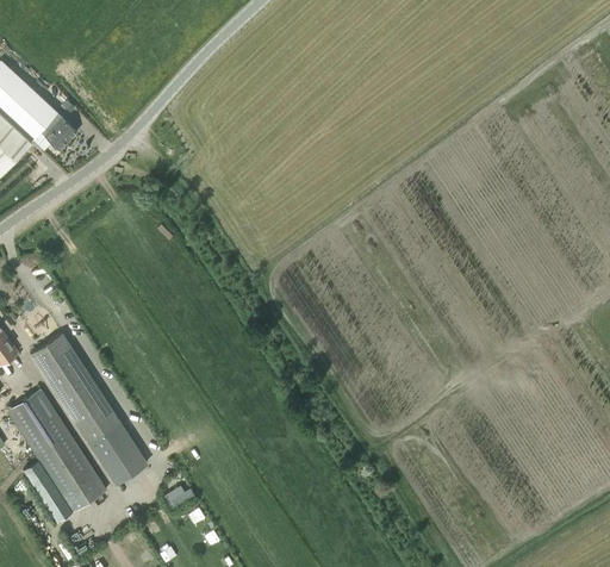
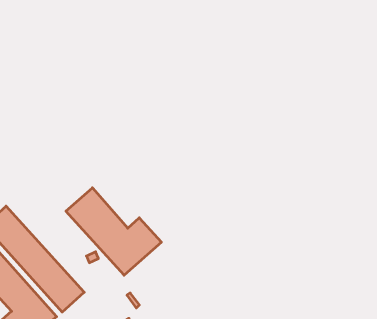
building: none -> [66,188,161,275]

